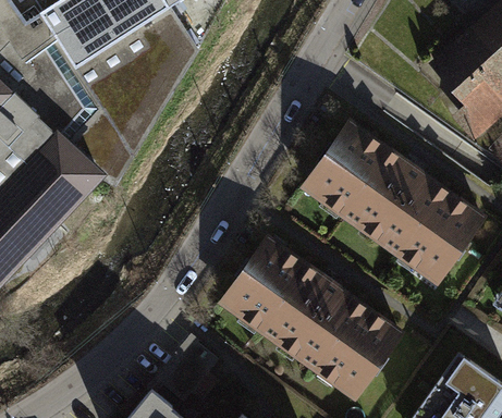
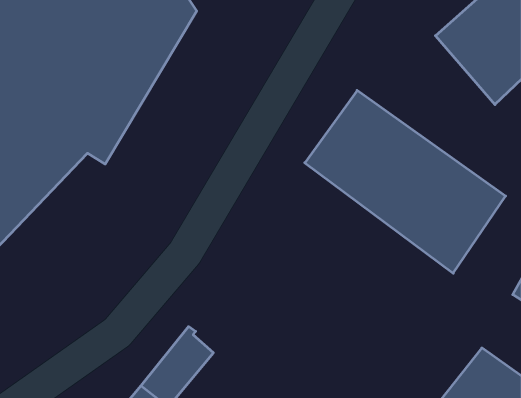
building: [218,235,401,398] -> none

